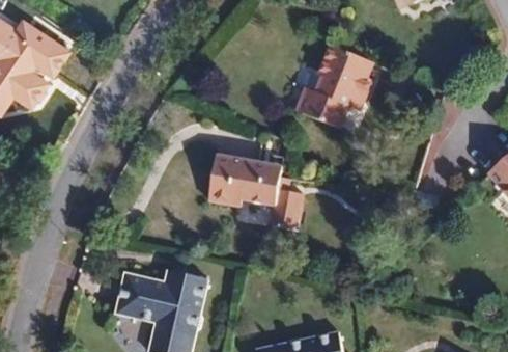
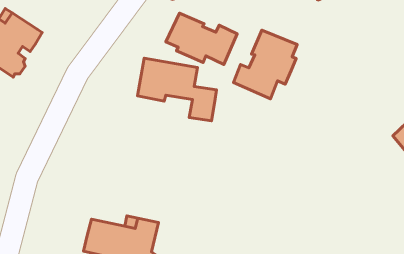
building: none -> [166,13,237,65]
building: [207,154,303,229] -> [137,58,217,121]

